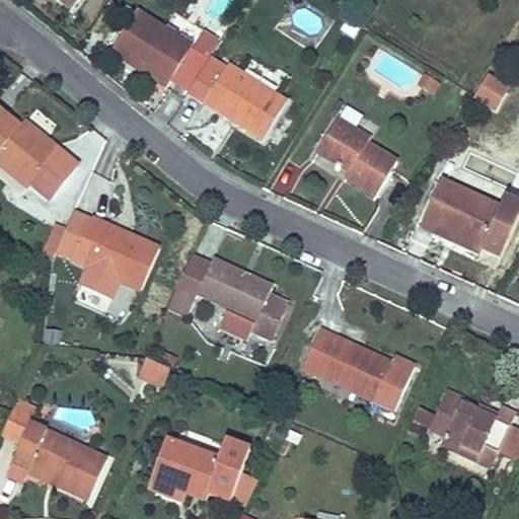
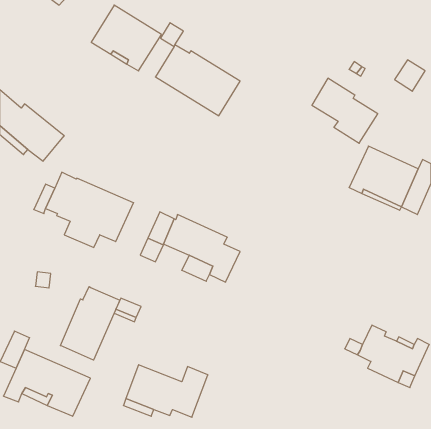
building: [318,118,397,196] -> [312,78,378,143]
building: [303,329,415,409] -> none
building: none -> [60,287,120,360]

